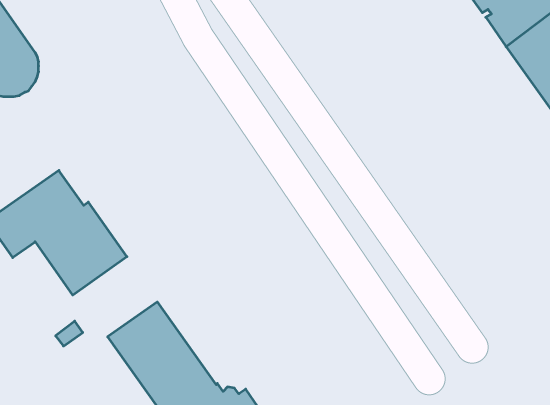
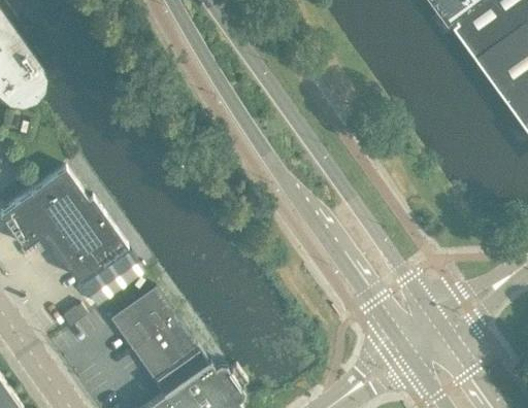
building: none -> [81,250,144,306]

